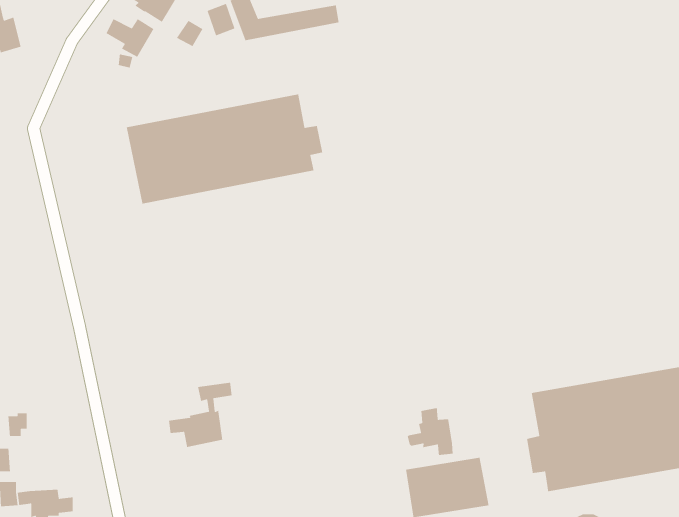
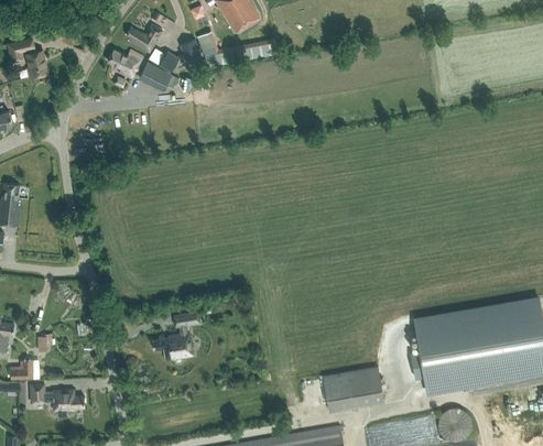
building: none -> [139,63,177,91]
building: [126,94,323,204] -> none
building: [407,407,454,456] -> none

